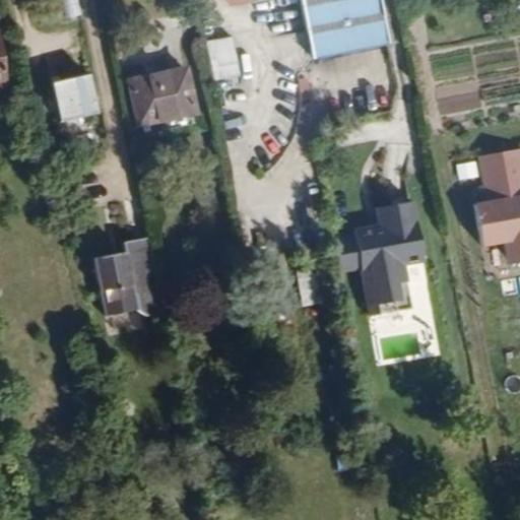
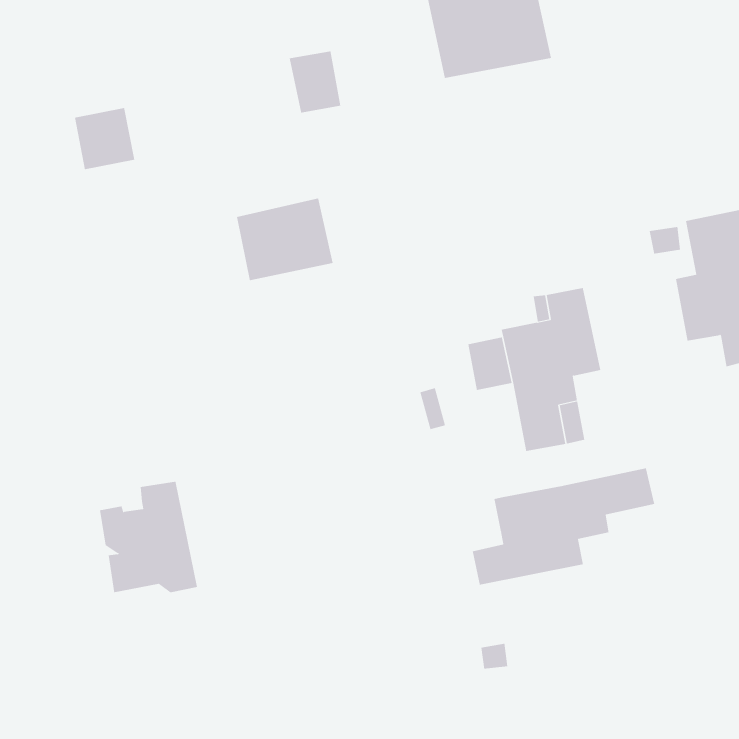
building: [129,66,197,124] -> [236,198,333,281]
building: [98,241,167,319] -> [99,481,198,593]
building: none -> [472,468,655,585]

